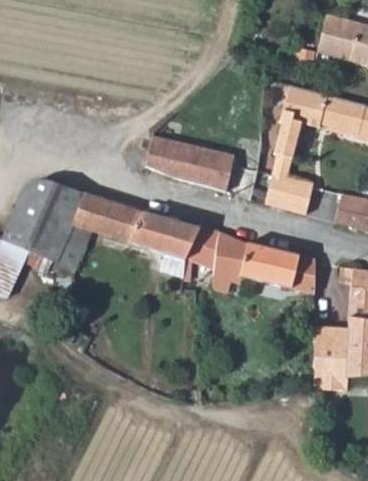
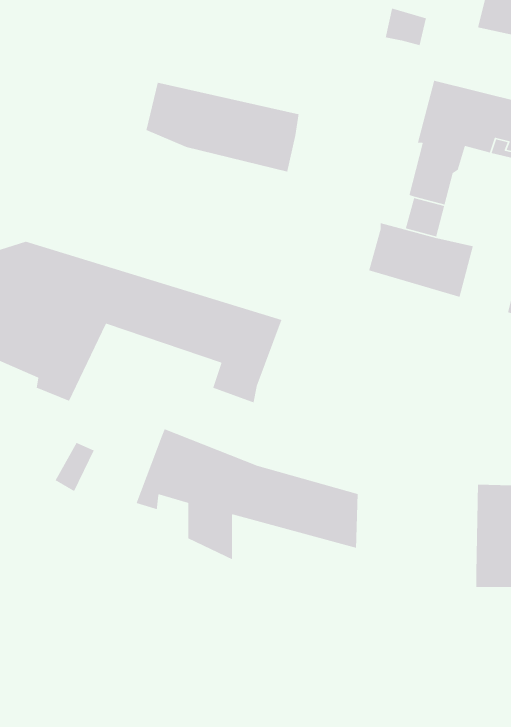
building: [145,137,237,191] -> [145,82,300,173]
building: [183,222,316,301] -> [136,428,359,561]

